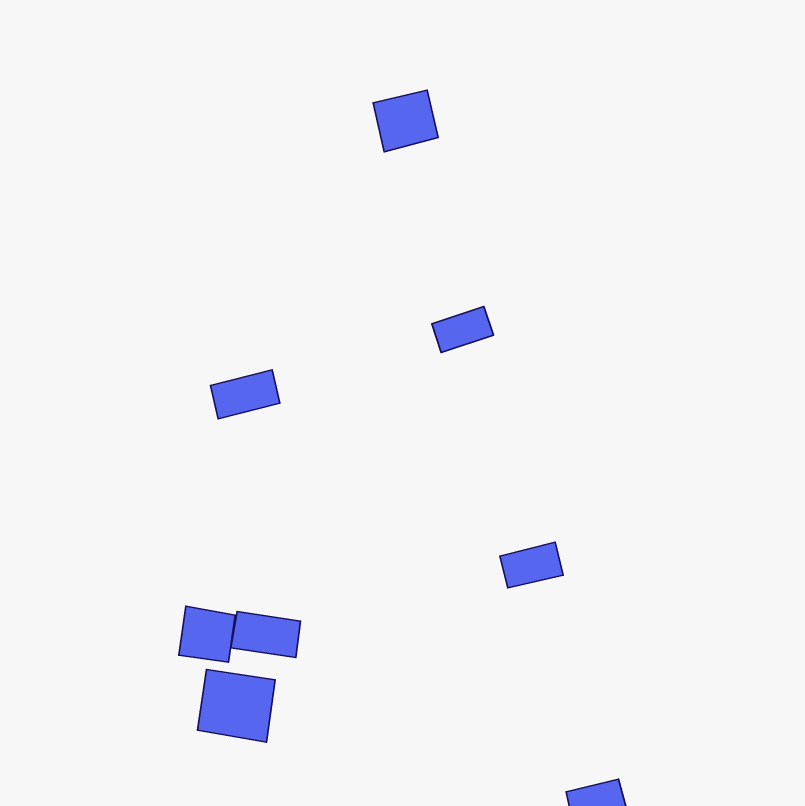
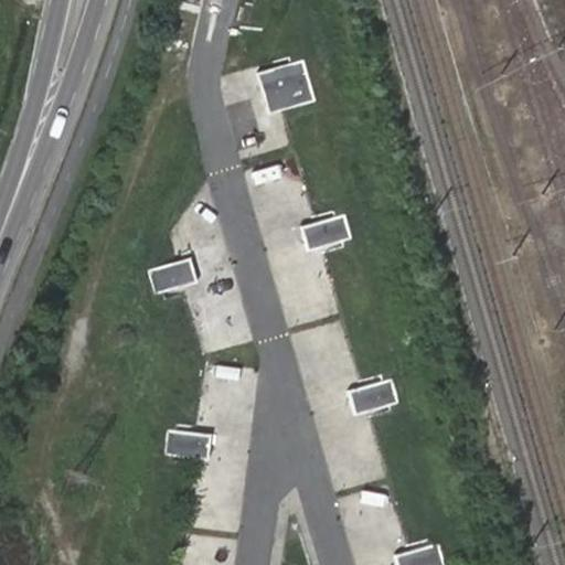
building: [179,606,235,662] -> none
building: [198,670,275,742] -> none

